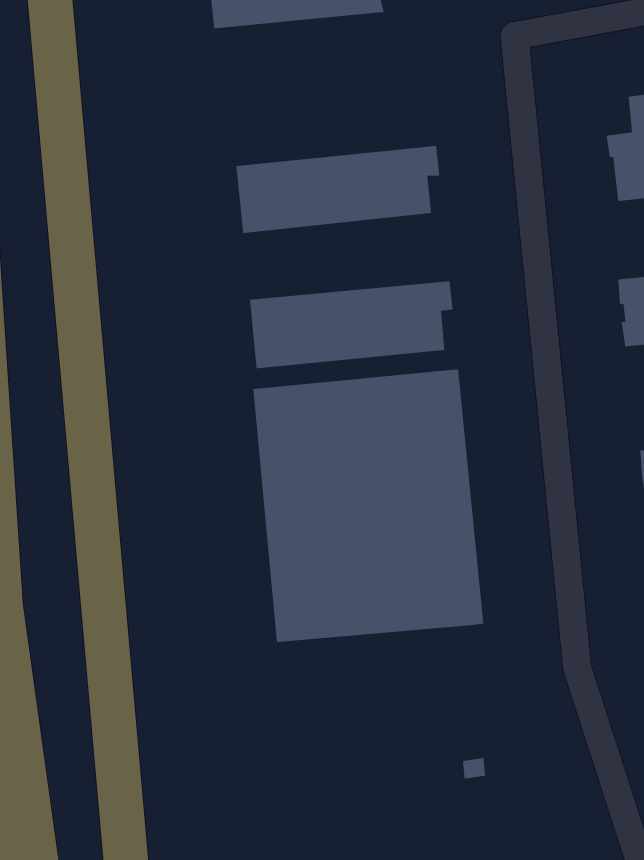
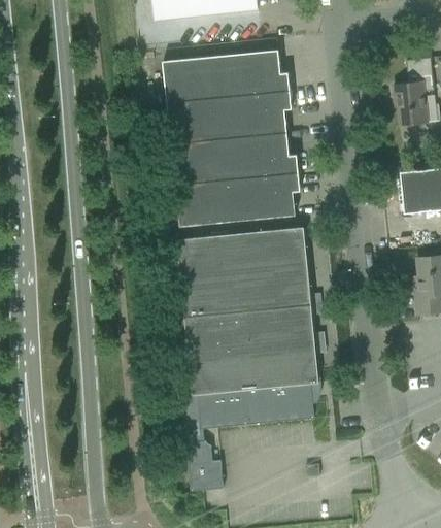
building: none -> [163,50,290,103]
building: none -> [171,132,298,185]
building: none -> [181,384,313,492]

